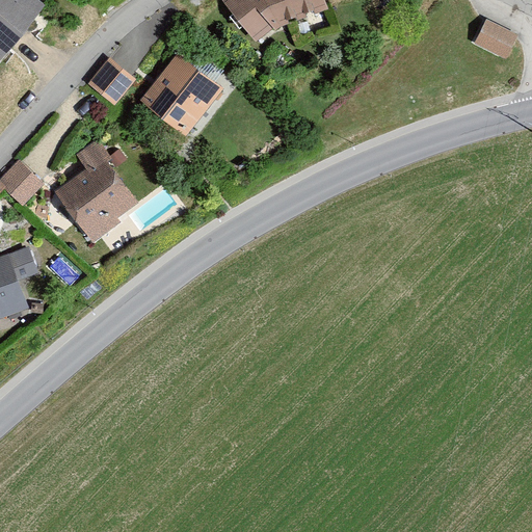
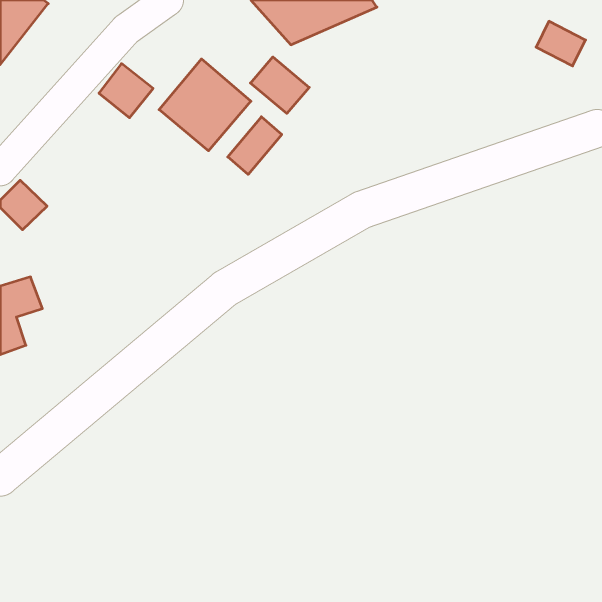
building: none -> [250,57,309,113]
building: none -> [228,117,282,174]
building: [55,140,137,237] -> none

